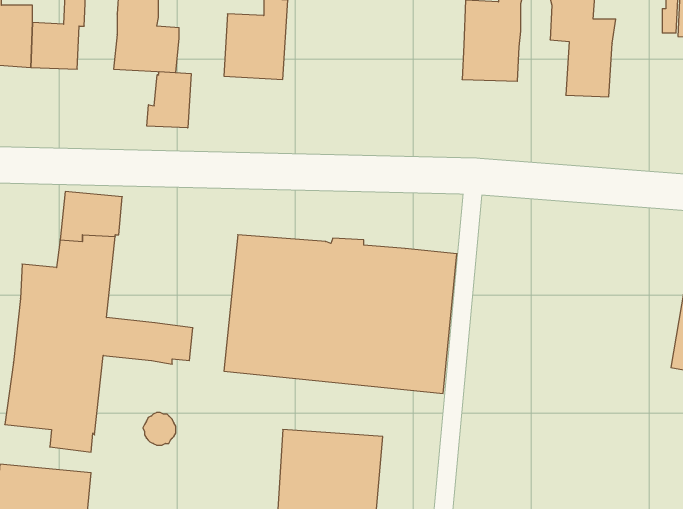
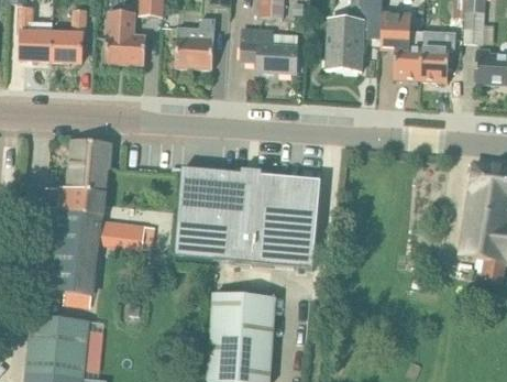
building: none -> [241,26,298,73]
building: none -> [420,32,450,80]
building: [147,72,191,128] -> none

